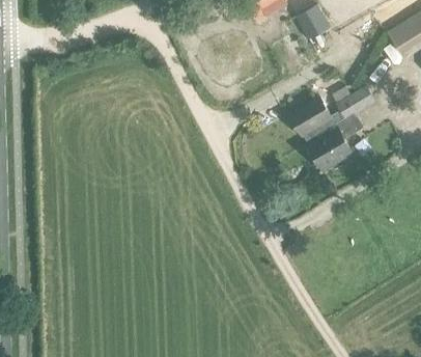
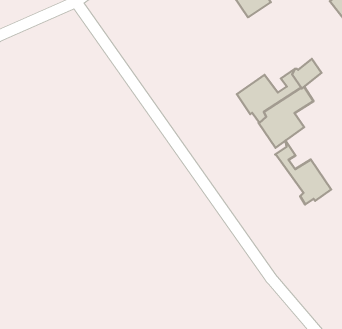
building: none -> [275,141,331,204]

